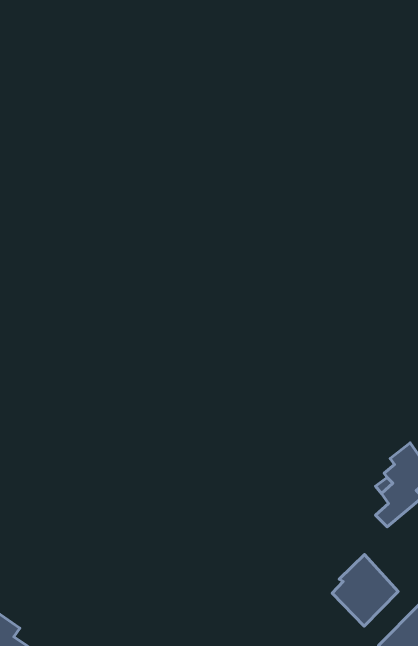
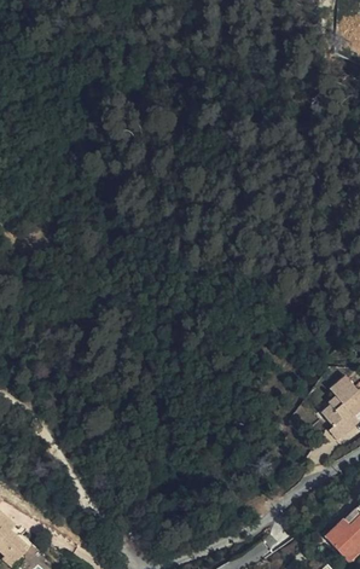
building: [332,554,398,626] -> none

